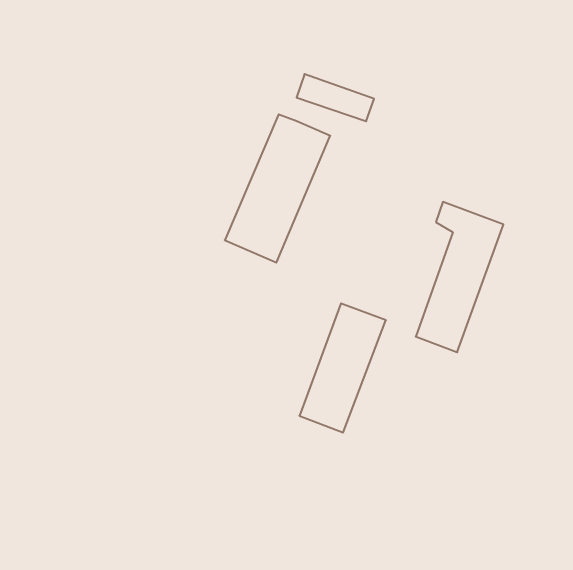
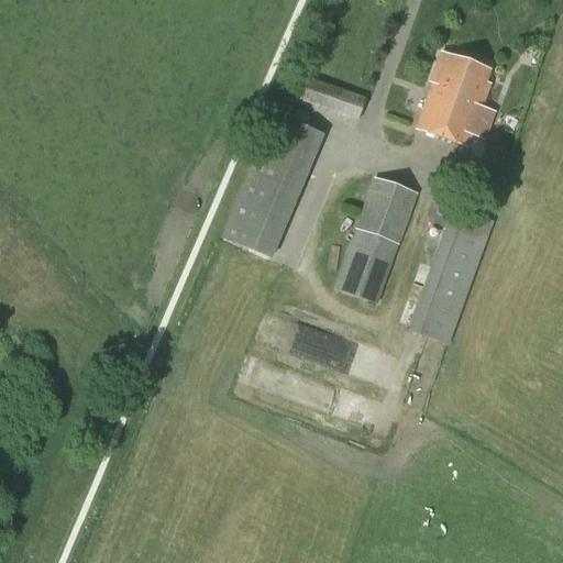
building: none -> [418,52,496,144]
building: [299,303,386,433] -> [334,176,419,302]

